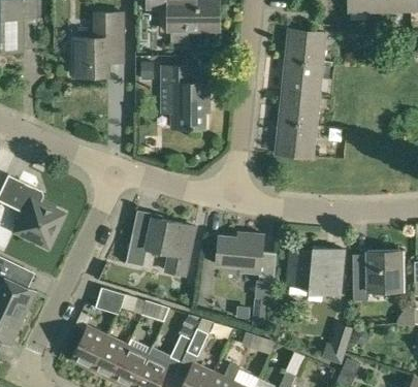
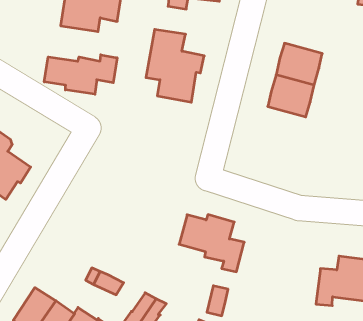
building: [285,29,325,64] -> none
building: none -> [44,55,117,94]
building: [275,122,316,157] -> none
building: [126,209,195,276] -> none
building: [288,247,344,296] -> none
building: [95,287,125,314] -> none

